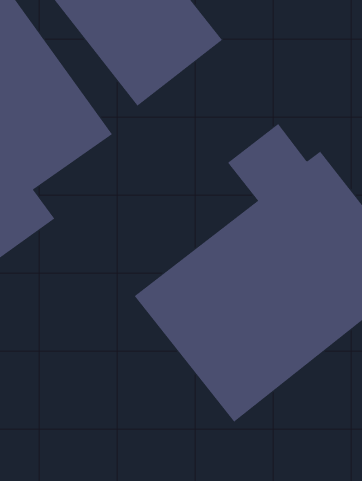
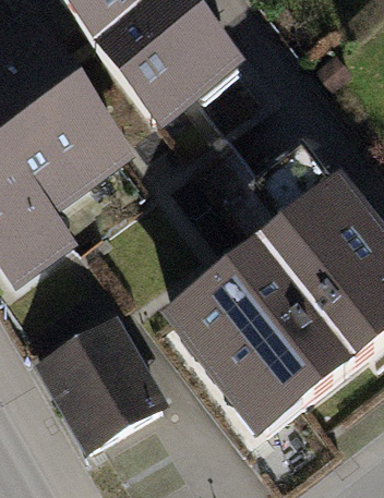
building: none -> [36,313,171,450]

